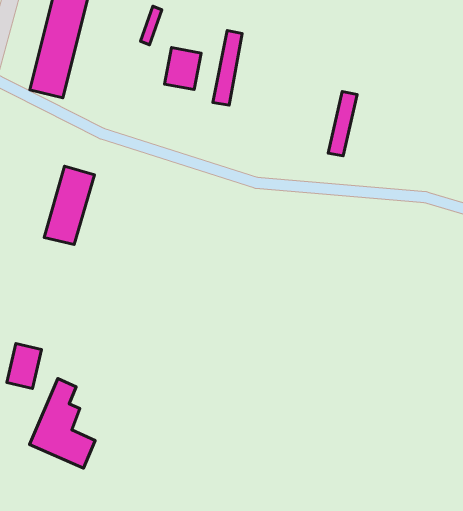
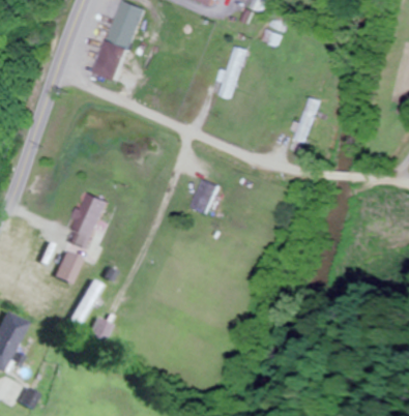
building: [165,48,201,89] -> none
building: [44,166,95,244] -> [65,194,106,249]
building: none -> [192,179,220,214]

